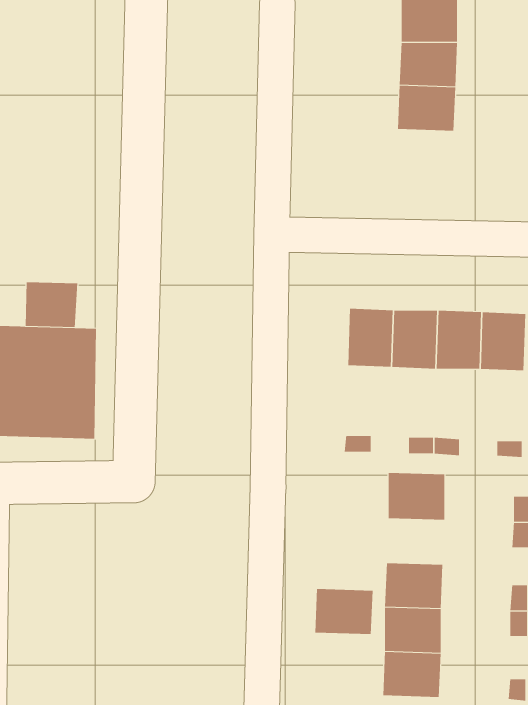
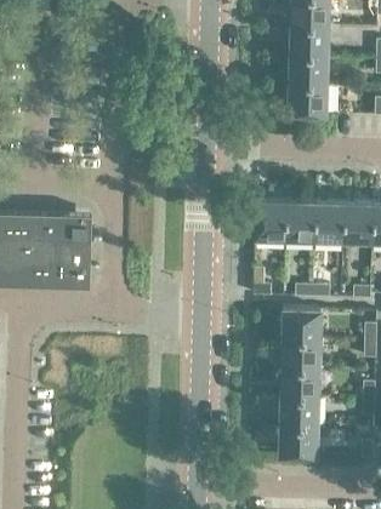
building: none -> [290,86,328,118]
building: [25,281,78,328] -> none
building: [314,589,373,635] -> [283,342,322,372]

